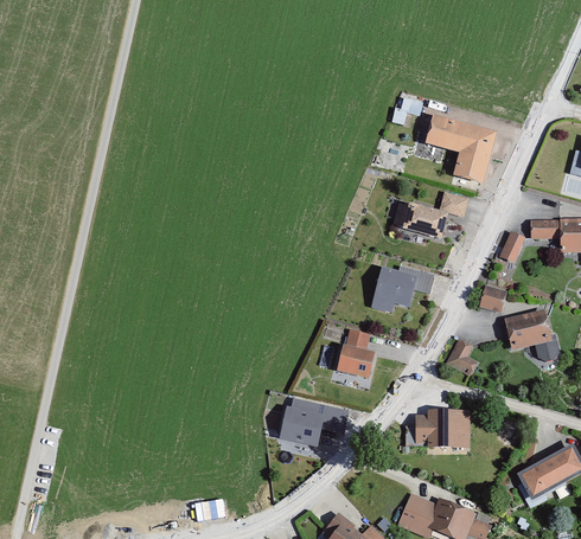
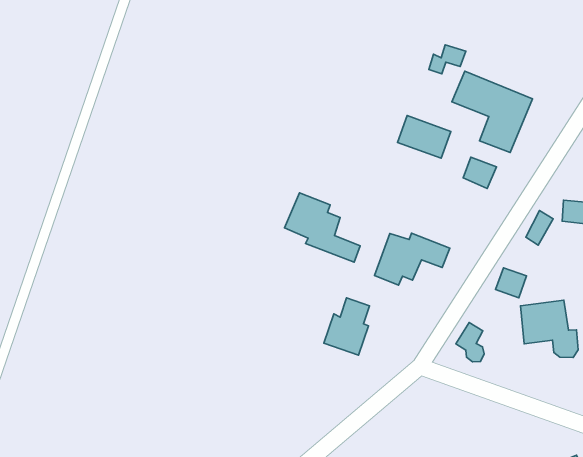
building: [400,205,446,239] -> [398,116,451,158]
building: none -> [285,193,360,262]
building: [279,397,347,445] -> none
building: [408,409,472,448] -> none

